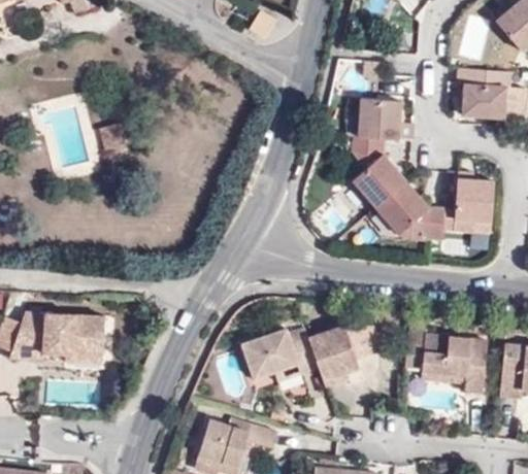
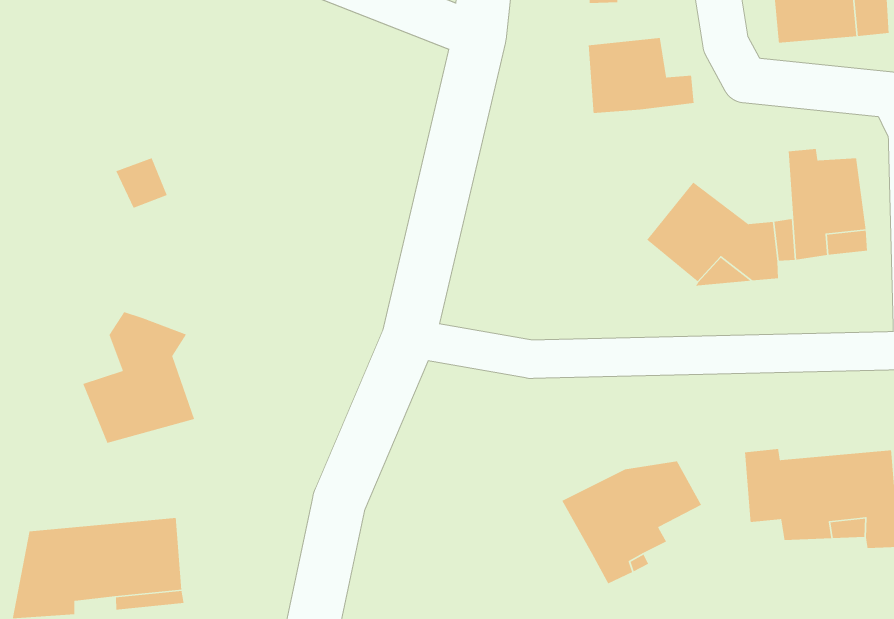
building: [351,137,404,208] -> none
building: none -> [82,311,195,444]
building: [243,329,319,378] -> none

